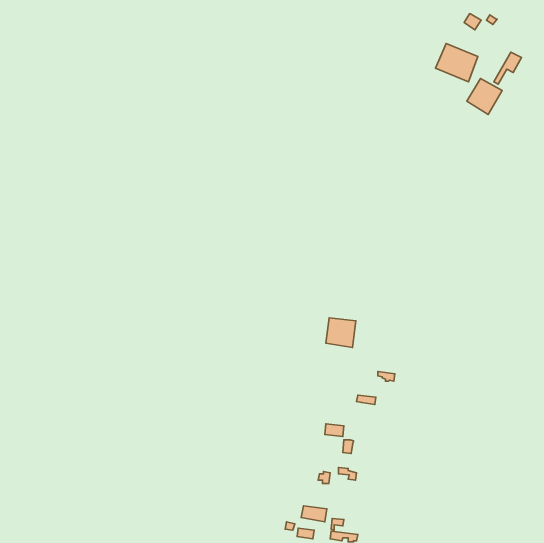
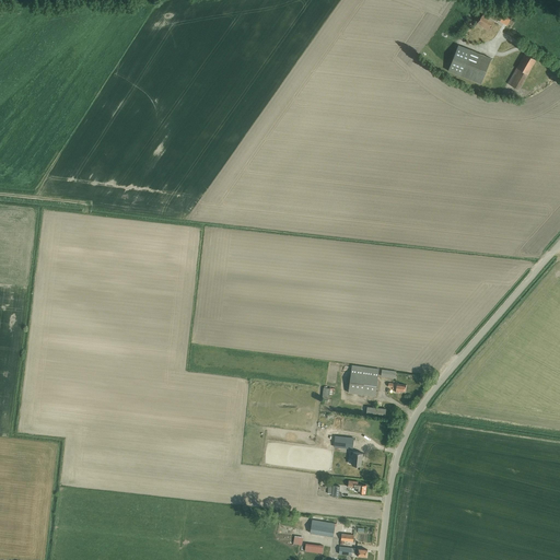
building: [467,78,502,114] -> none
building: [326,318,356,347] -> [348,366,378,397]

